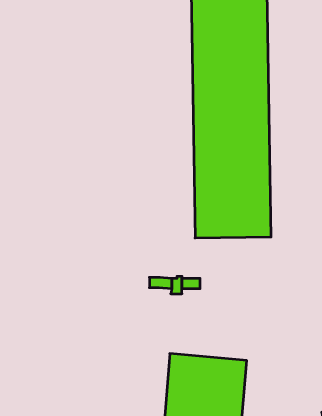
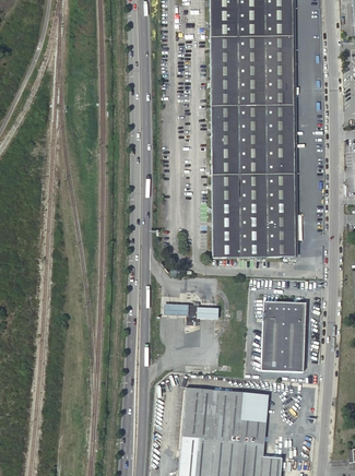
building: none -> [261,301,305,372]

